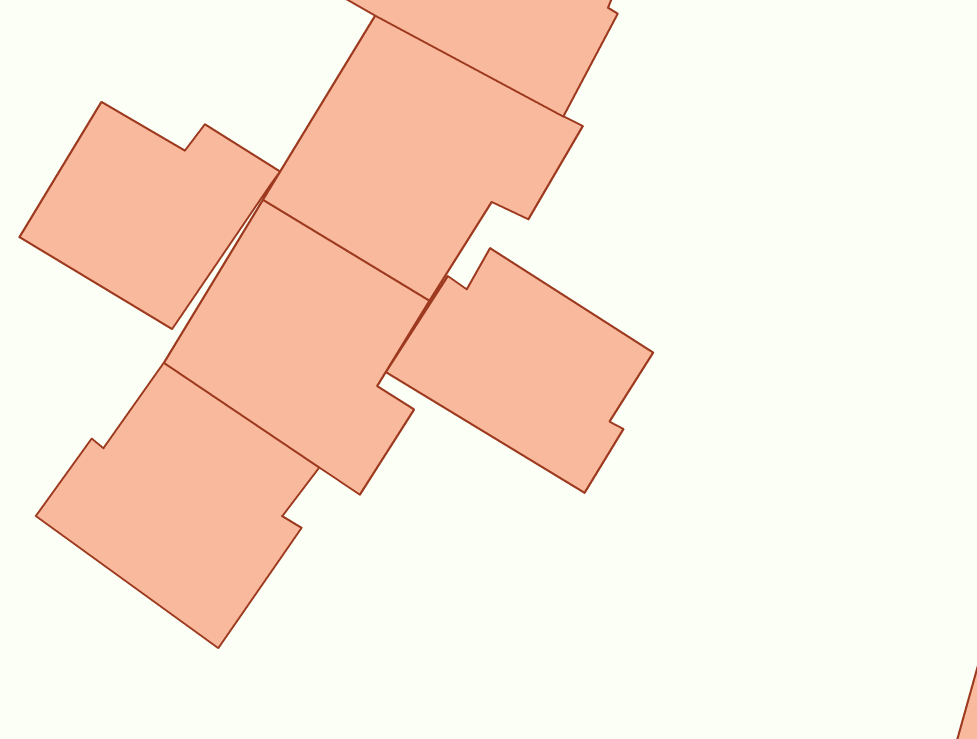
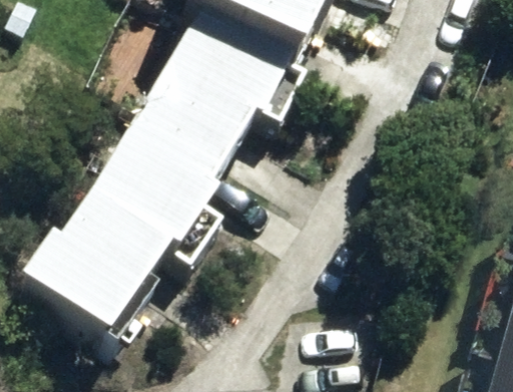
building: [19,102,280,329] -> none
building: [386,248,653,493] -> none

